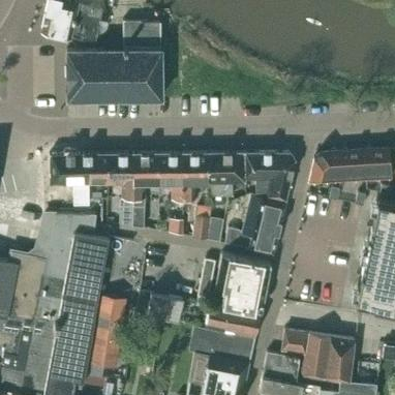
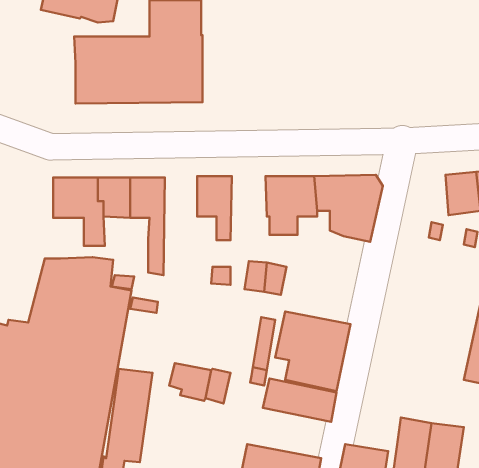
building: [313,153,344,183] -> none
building: [133,154,158,229] -> none
building: [183,154,210,203] -> none
building: [226,193,286,254] -> none
building: [189,329,256,364] -> none
building: [282,330,309,355] -> none

